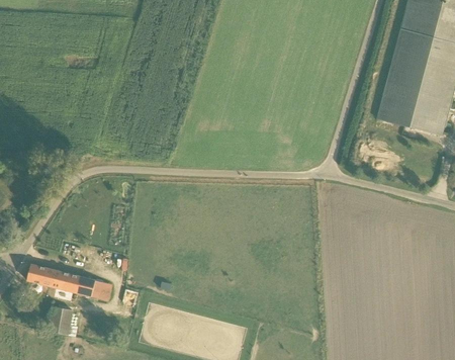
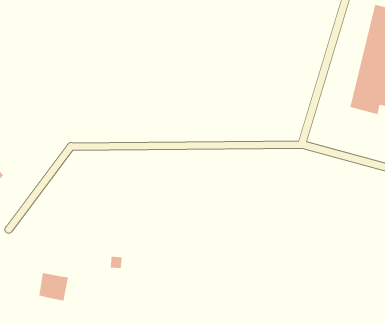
building: [26,262,109,298] -> none

